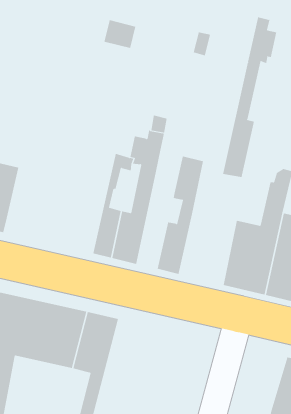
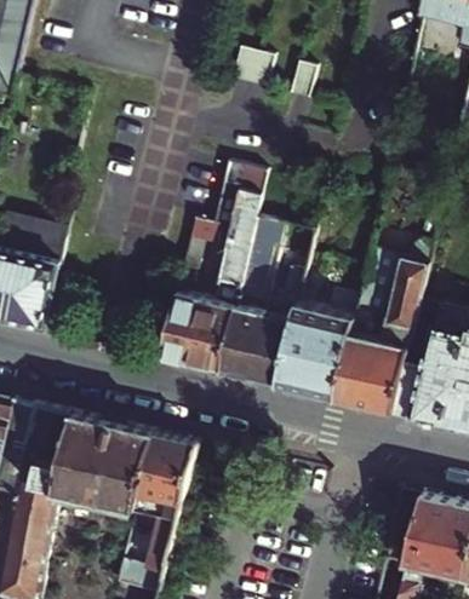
building: [222,16,277,178] -> none
building: [104,19,136,48] -> [234,45,278,83]
building: none -> [219,247,269,378]
building: none -> [276,304,351,399]

